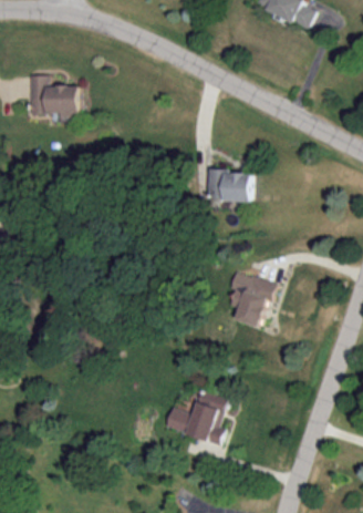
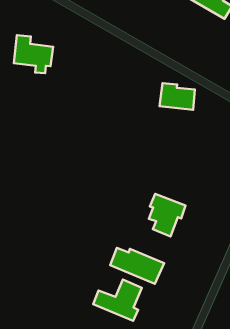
building: [207,168,252,201] -> [160,83,195,110]
building: none -> [110,248,164,284]

